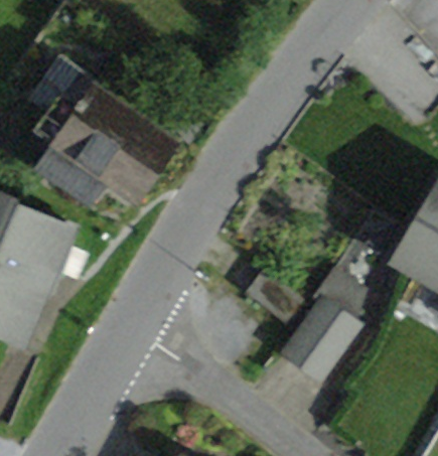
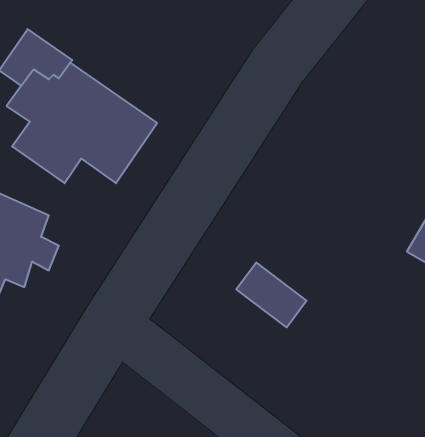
building: [285,271,360,375] -> none

